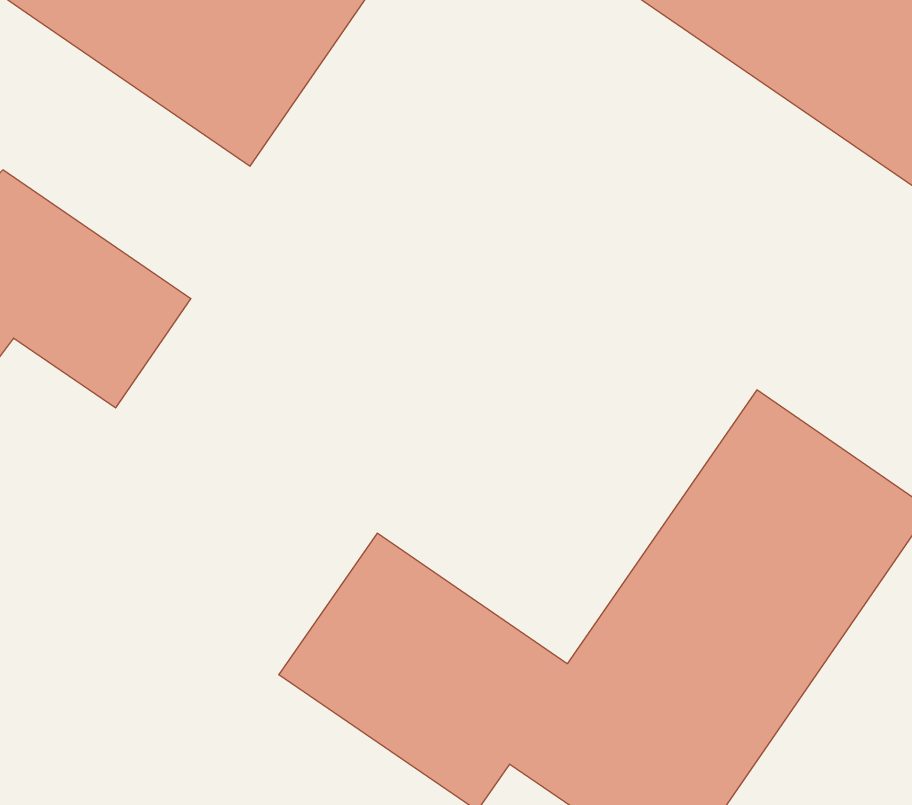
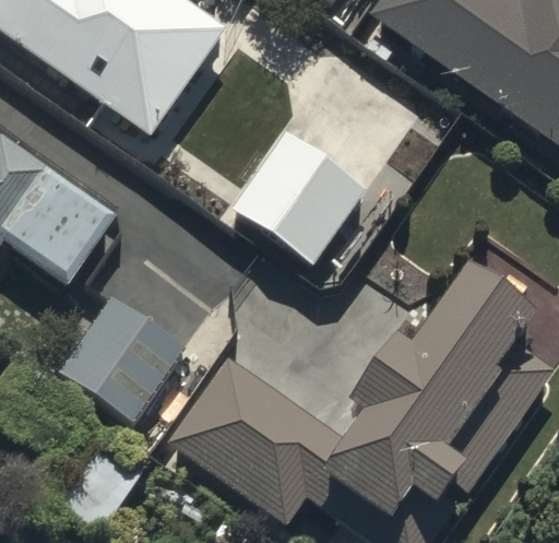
building: none -> [230,128,364,260]
building: none -> [60,293,188,421]

